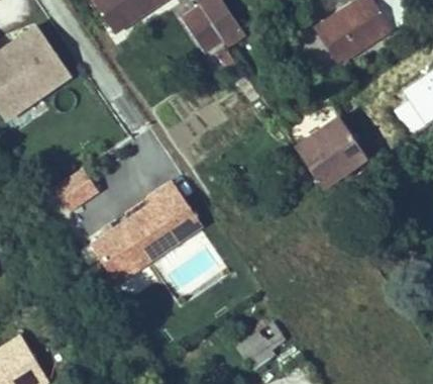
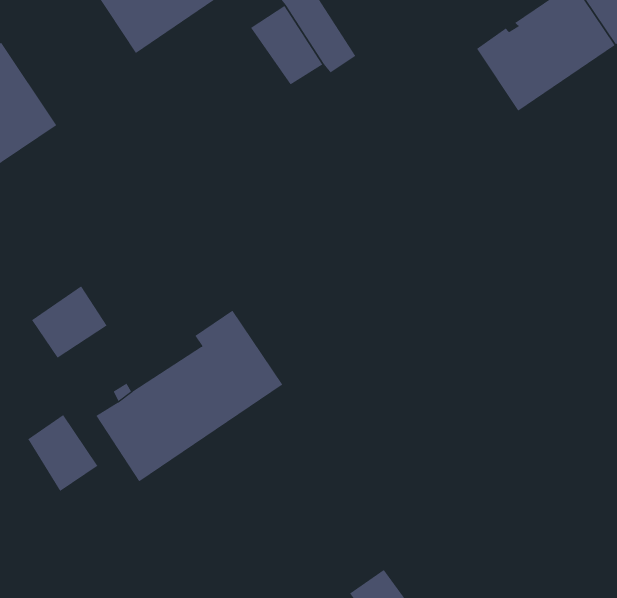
building: [295,116,366,185] -> none
building: none -> [28,414,98,492]

